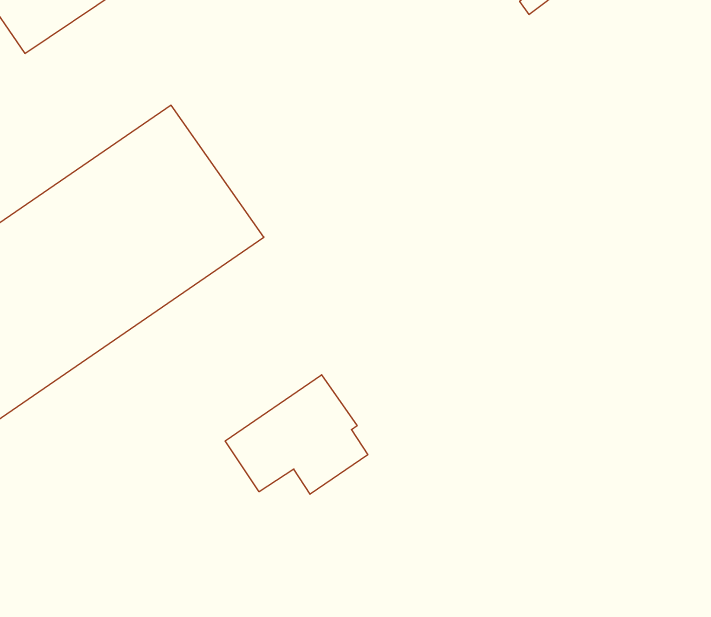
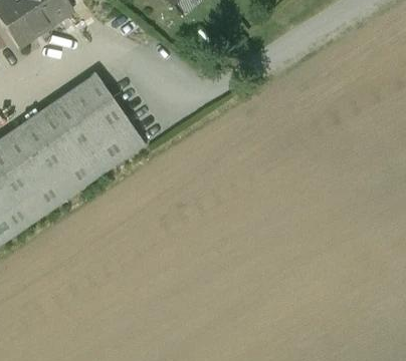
building: [225,375,368,494] -> none

